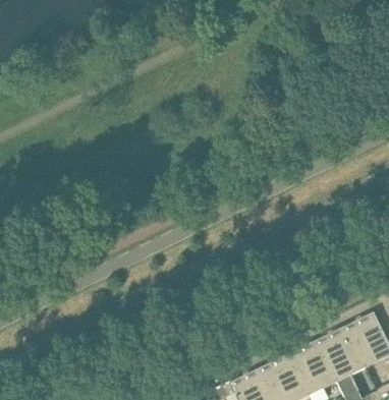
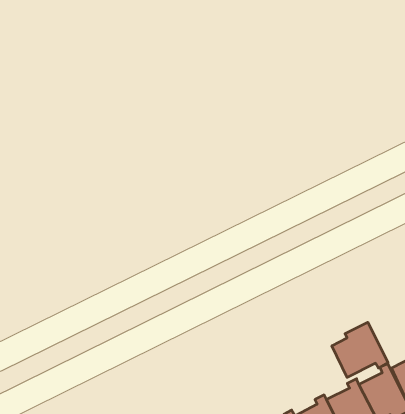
building: none -> [332,322,388,377]

